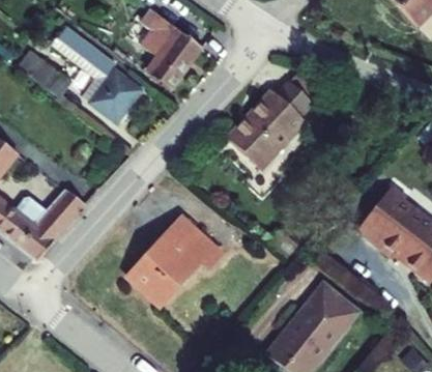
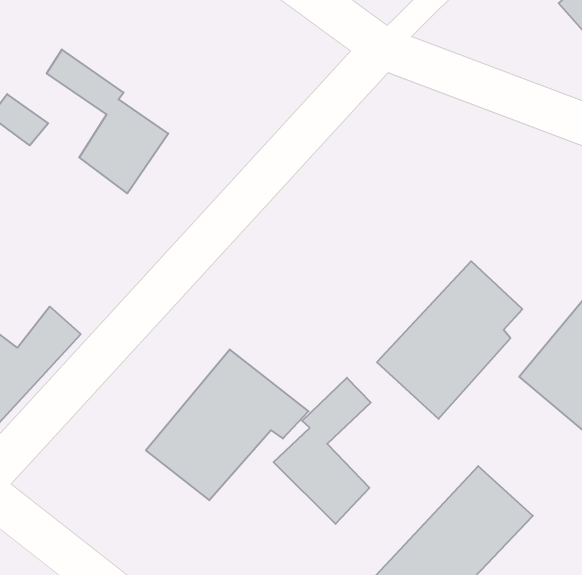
building: [143,9,203,87] -> none
building: [211,79,299,174] -> [377,261,522,419]
building: none -> [274,378,371,524]

